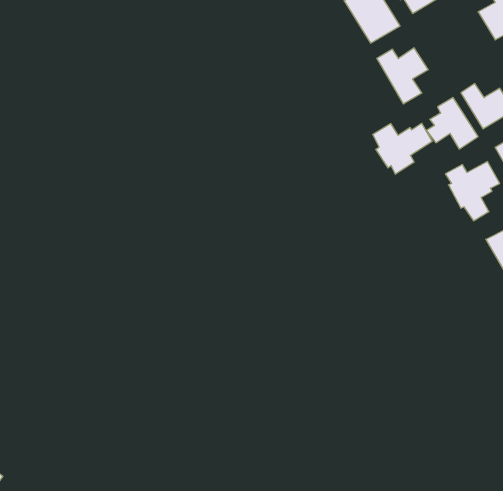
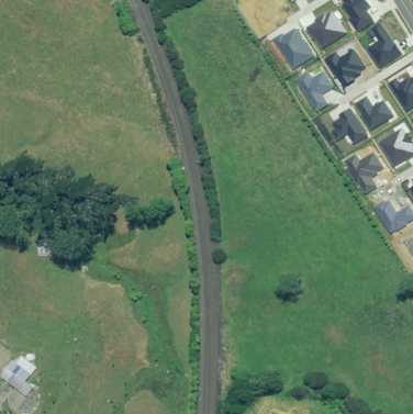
building: none -> [326,47,366,85]
building: [373,123,432,174] -> none

